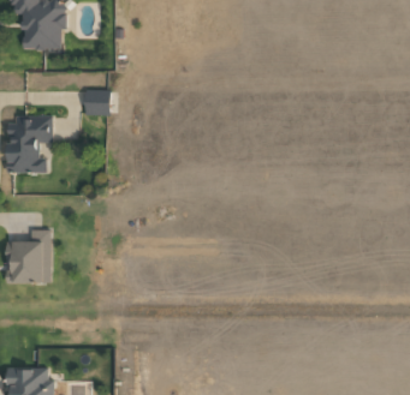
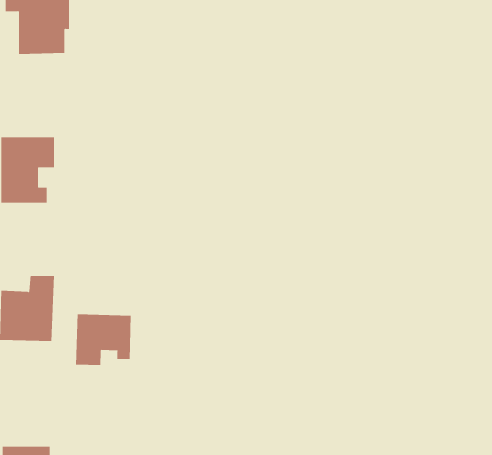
building: [84,90,111,116] -> none
building: none -> [75,314,131,366]

